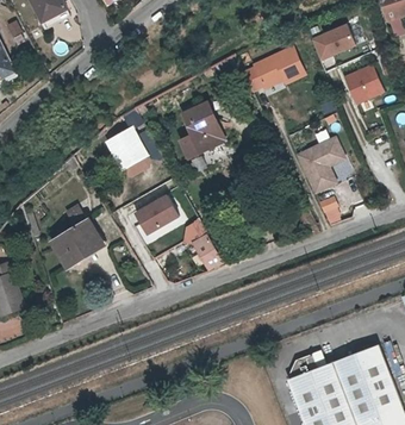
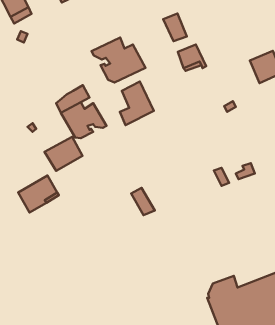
building: [311,24,356,61] -> none
building: none -> [91,37,145,83]
building: [275,49,305,83] -> [163,14,187,41]
building: [297,137,343,192] -> none
building: [129,190,176,233] -> [45,137,83,171]

